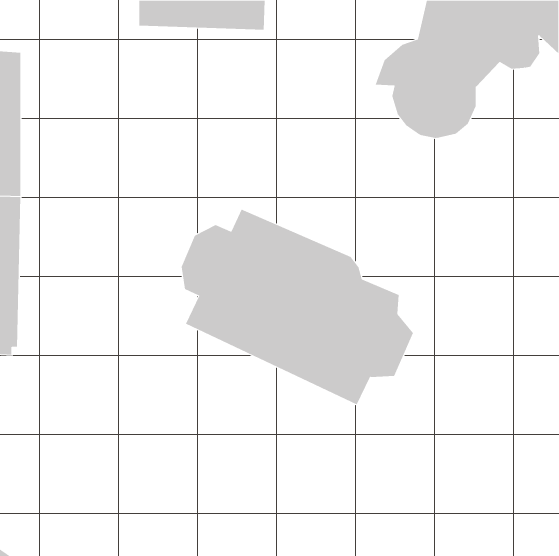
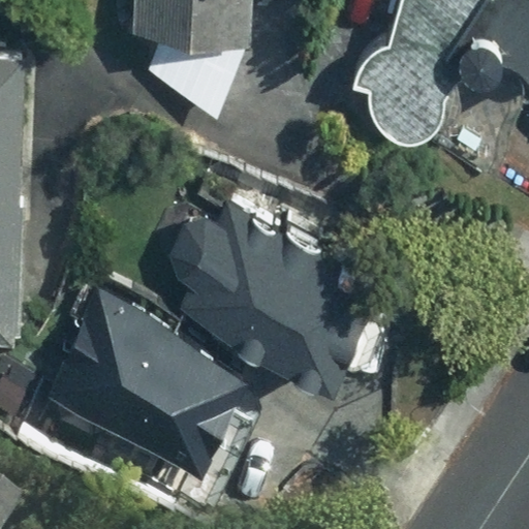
building: none -> [42,297,248,474]

